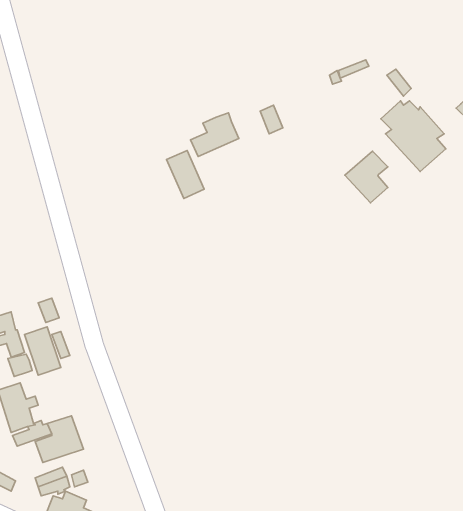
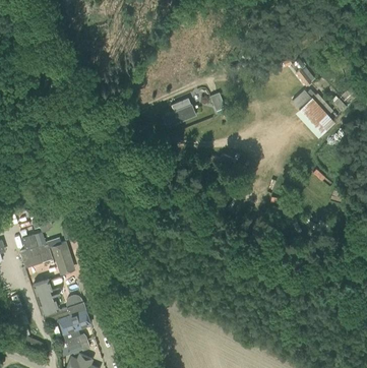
building: [166,150,204,198] -> none
building: [345,151,388,203] -> none

